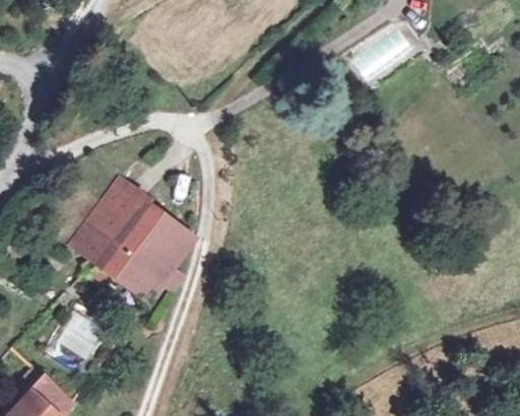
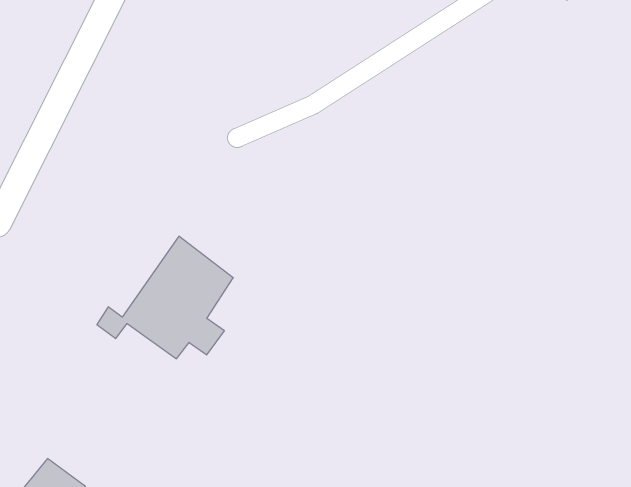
building: [72,175,147,263] -> none

